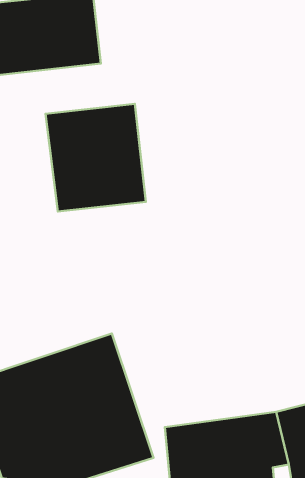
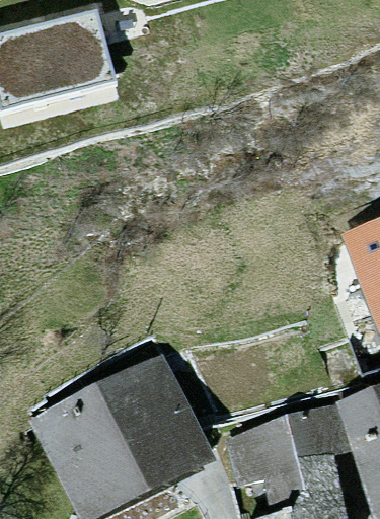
building: [46,104,146,212] -> none

